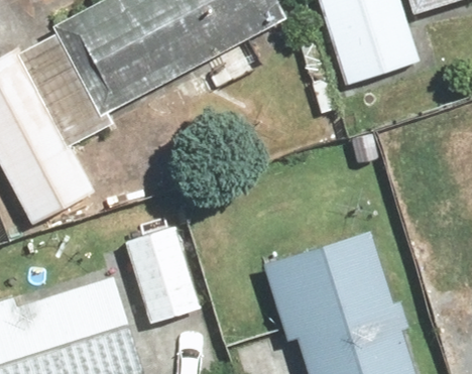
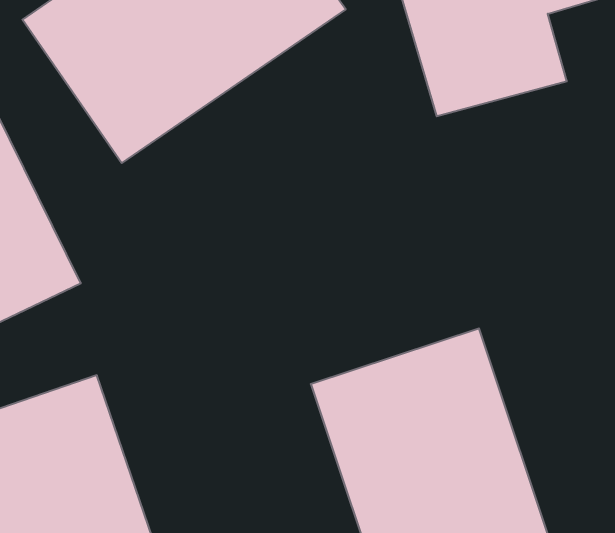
building: [115,214,209,325] -> none

